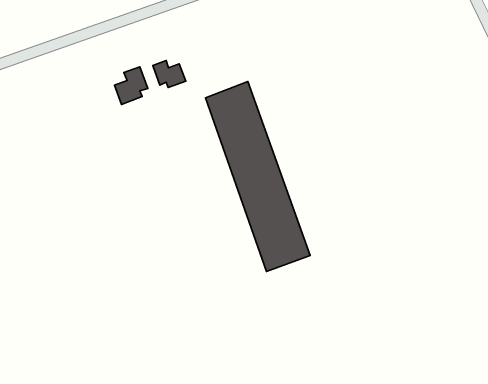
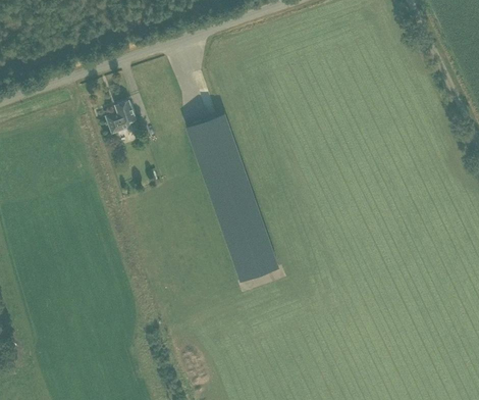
building: [153,60,186,87] -> none

